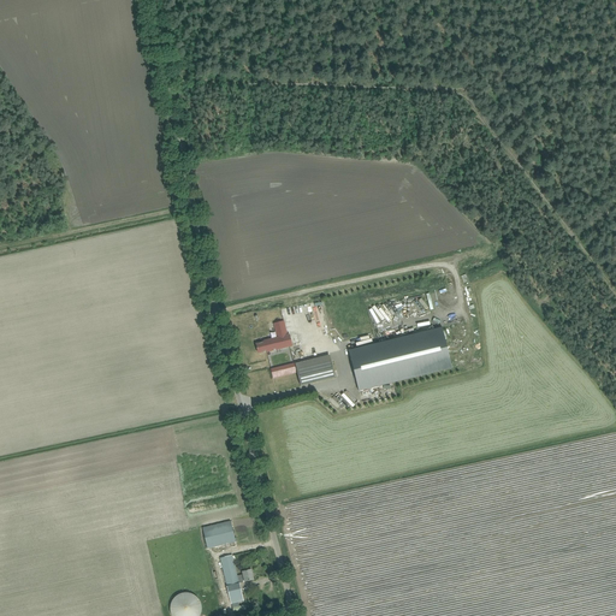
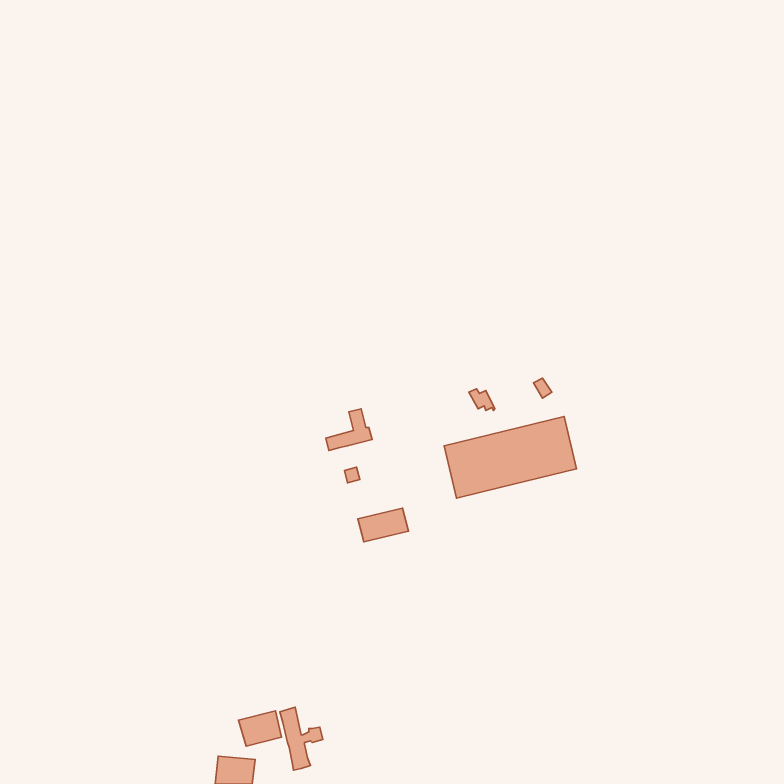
building: [295,359,334,385] -> [358,508,409,542]
building: [200,520,233,547] -> [239,711,282,746]

